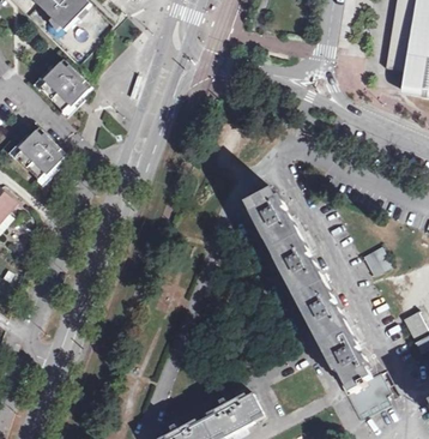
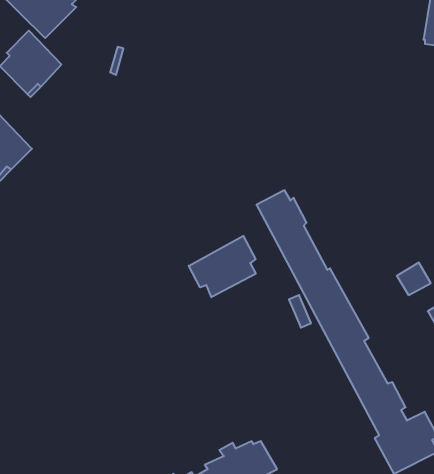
building: none -> [189,236,256,297]

